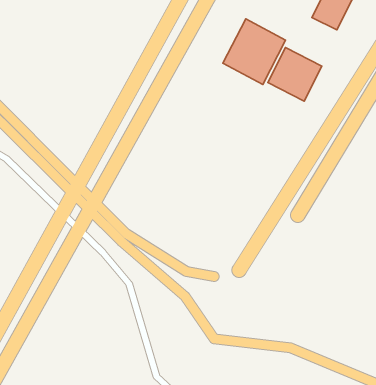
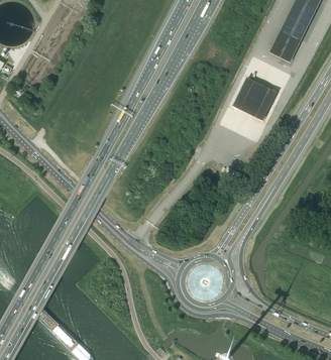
building: [223,19,286,84] -> none

